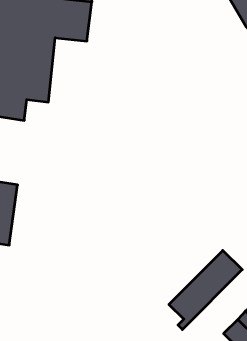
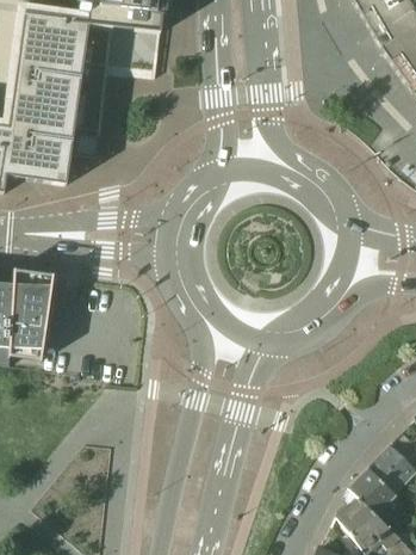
building: [169,250,242,330] -> none

